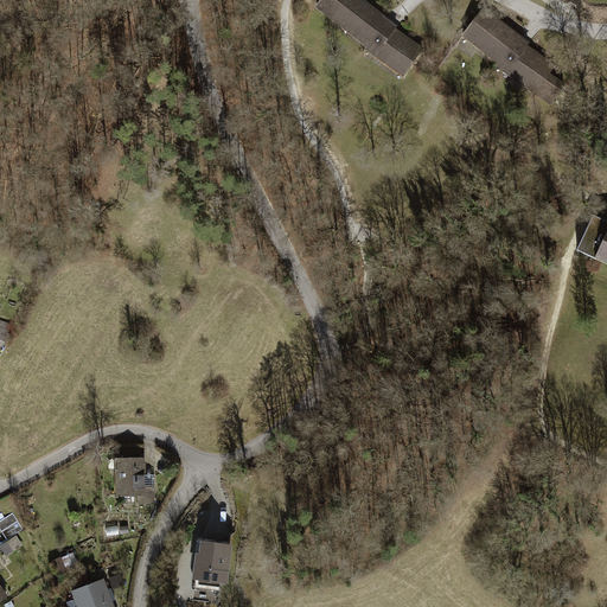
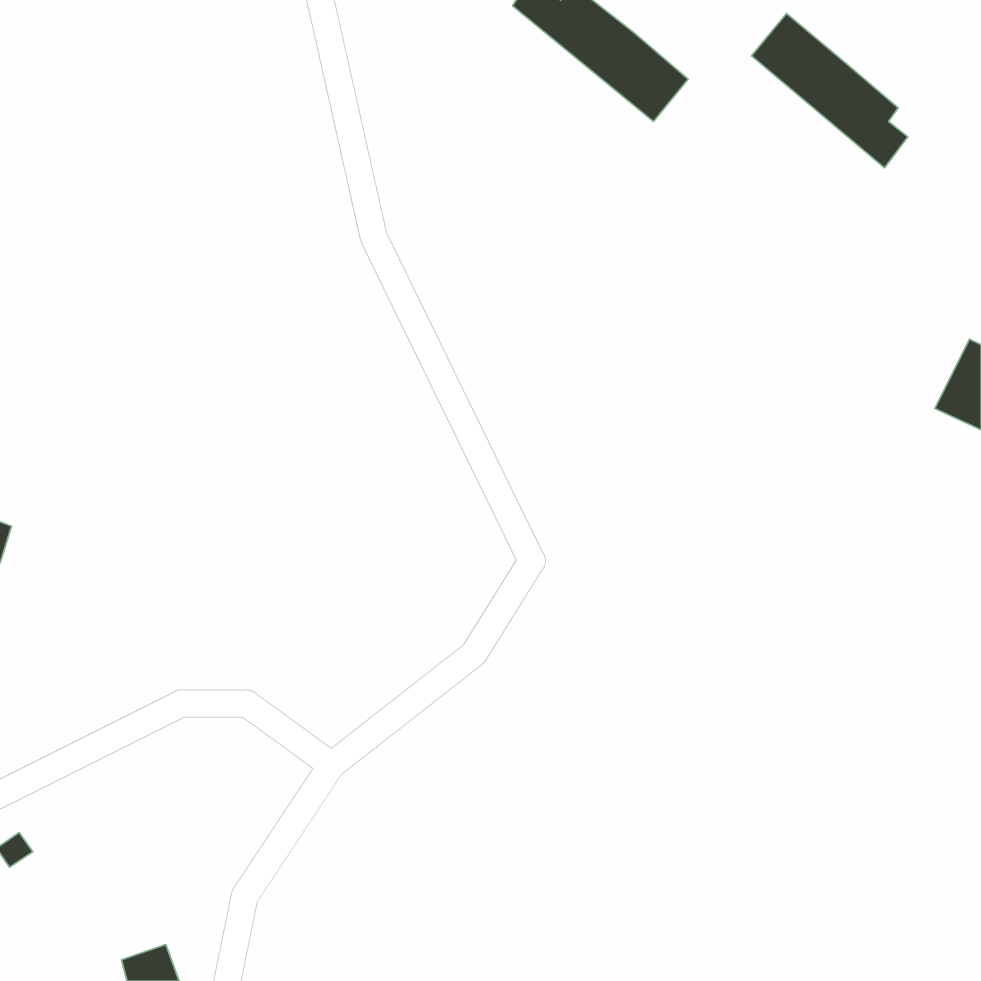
building: [111,456,152,503] -> none
building: [192,542,229,587] -> none

